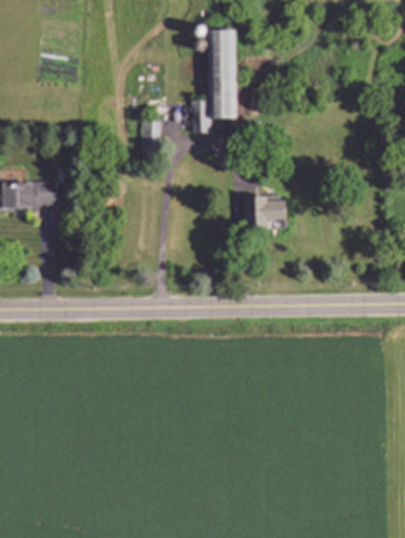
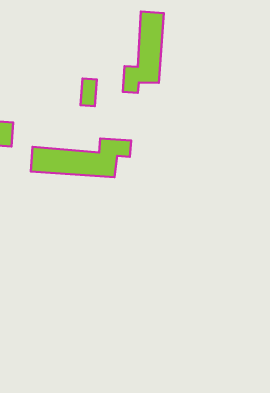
building: none -> [31,138,131,177]
building: [247,196,287,227] -> none

